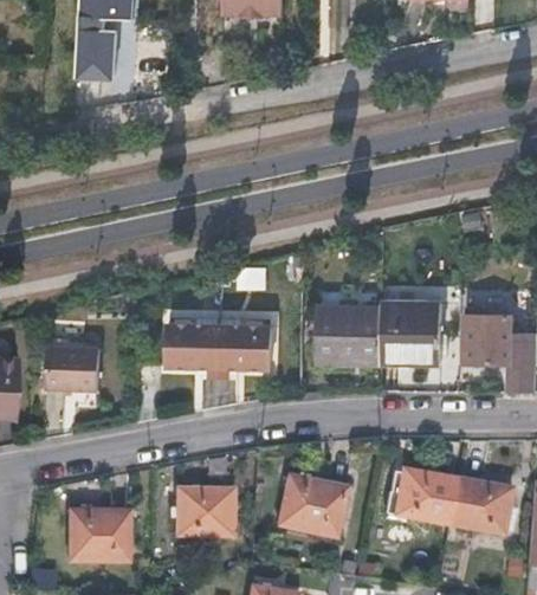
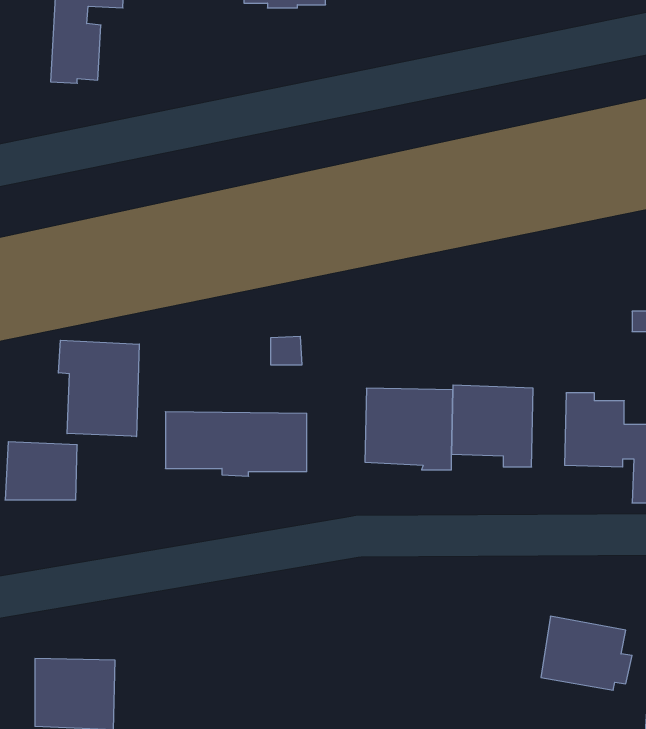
building: none -> [58,340,139,437]
building: [384,467,457,523] -> none
building: [282,472,347,535] -> none
building: [177,486,234,535] -> none

